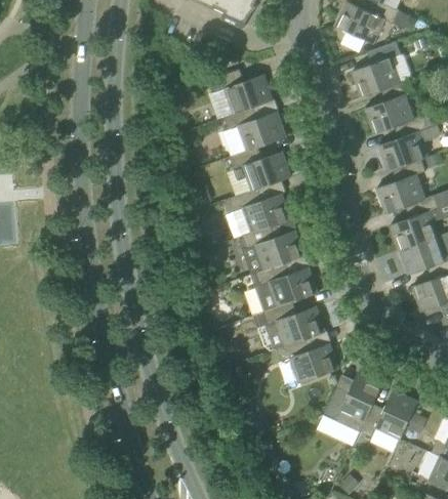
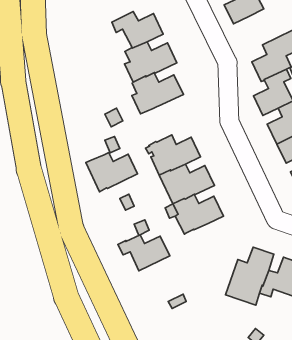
building: [366,79,414,134] -> none
building: [229,189,291,236] -> [86,153,138,192]
building: [277,339,339,383] -> [118,235,170,271]

